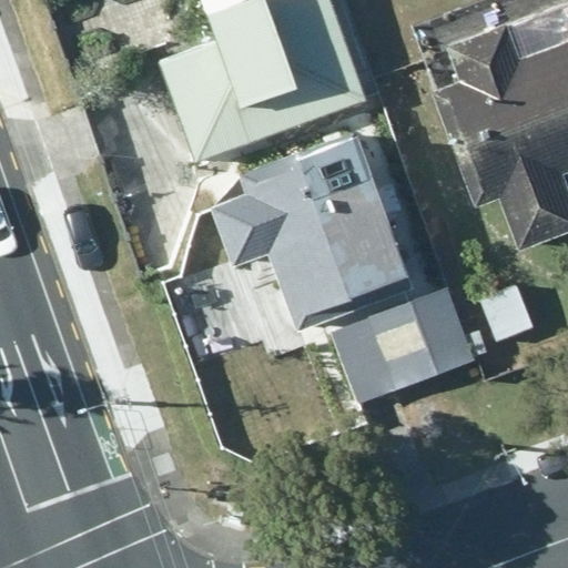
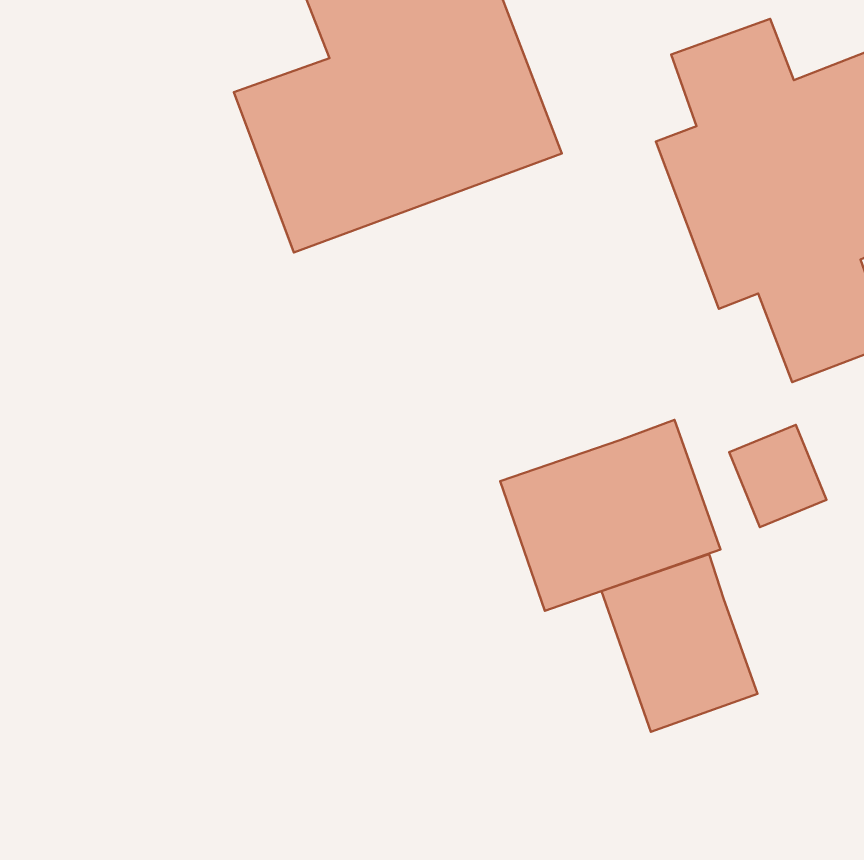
building: [203,138,408,331] -> none
building: none -> [601,554,758,732]

